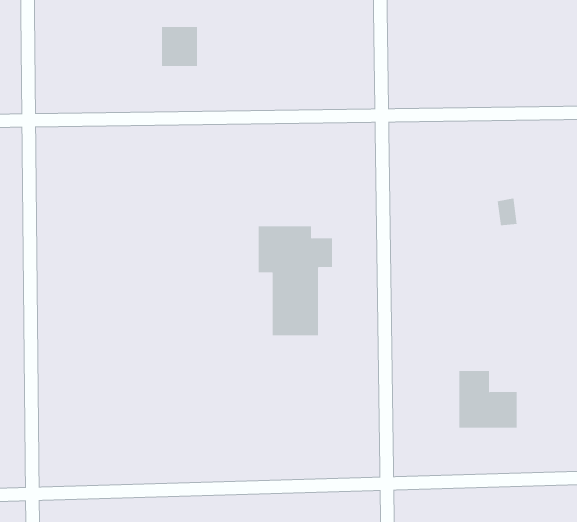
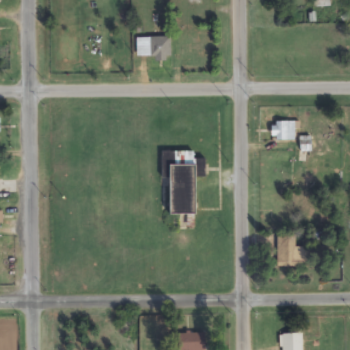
building: [161,26,198,67] -> [150,35,171,58]
building: none -> [271,122,295,139]

